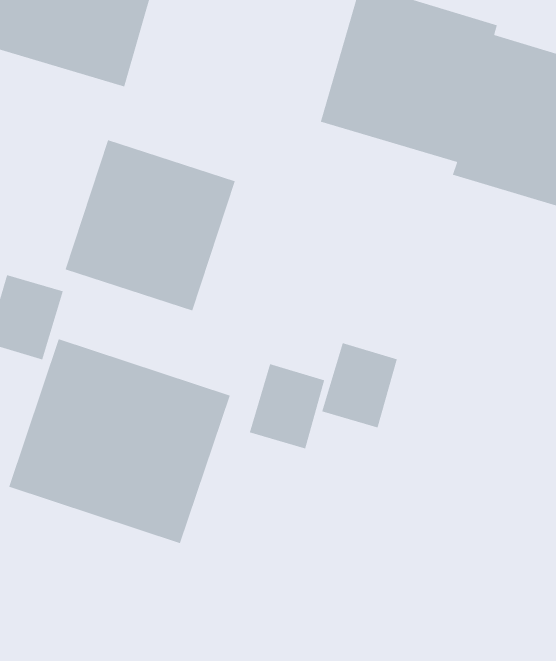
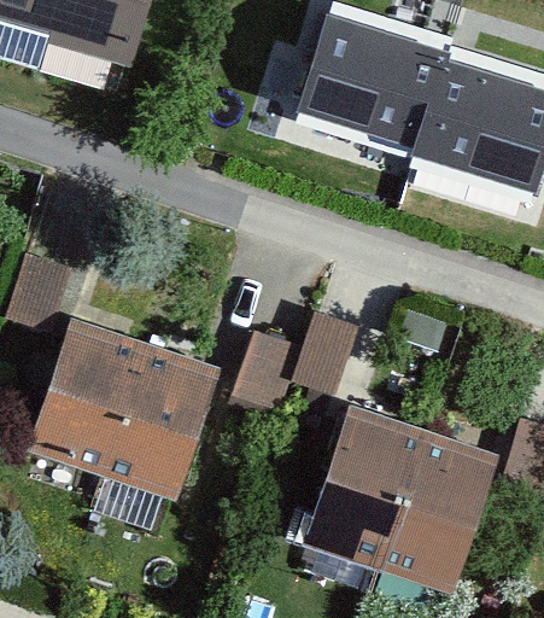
building: [64,139,236,312] -> none
building: none -> [300,400,492,585]

